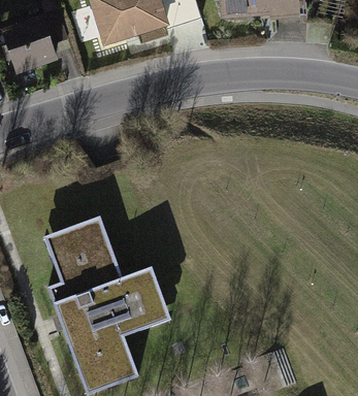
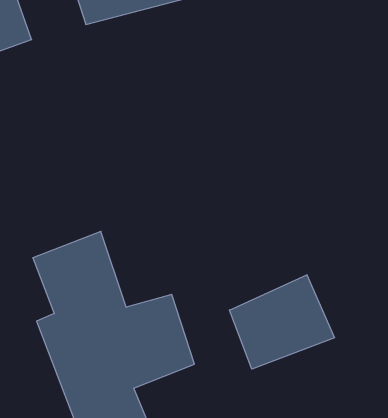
building: none -> [229,275,334,369]

